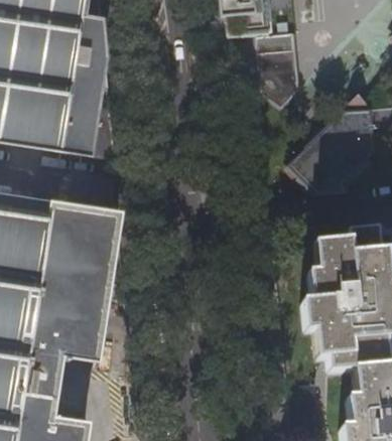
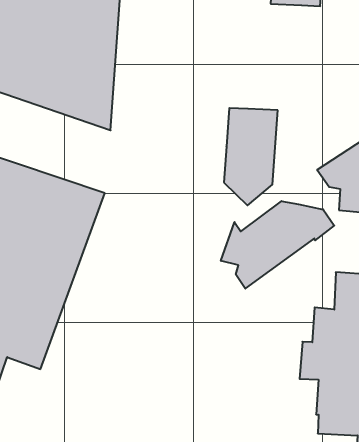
building: [252,31,297,112] -> [224,108,278,205]
building: none -> [221,201,334,289]

